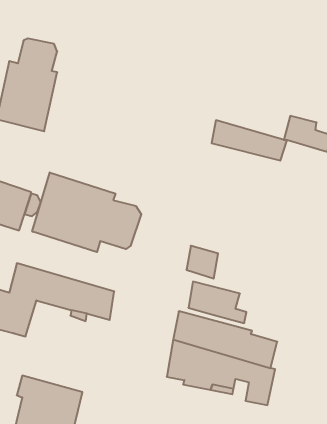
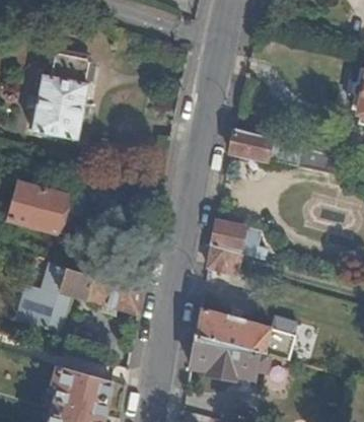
building: [32,172,141,252] -> none
building: [188,282,246,323] -> [213,221,267,260]

